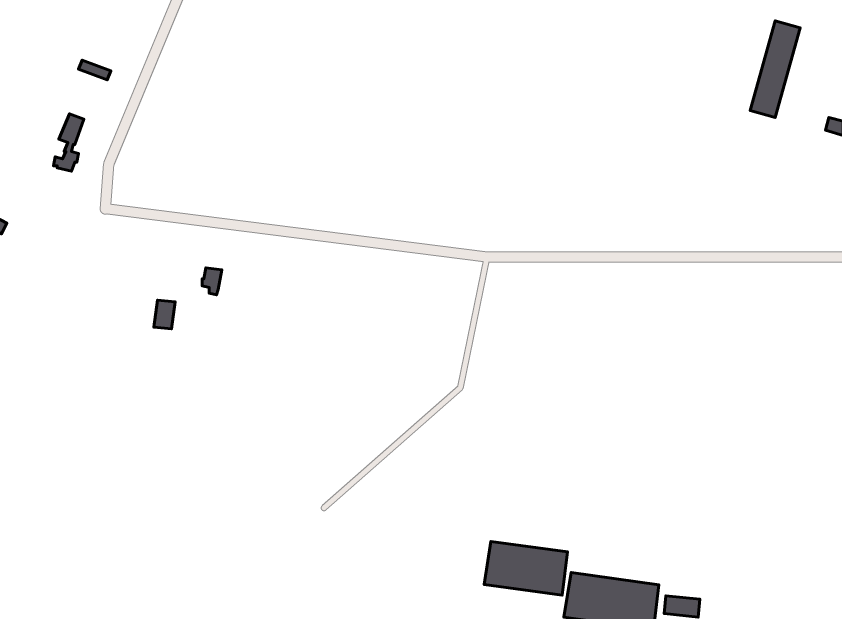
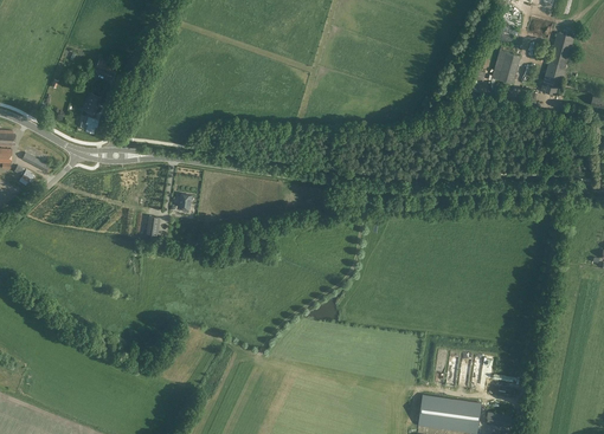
building: none -> [493,48,521,82]
building: [484,541,567,595] -> none

